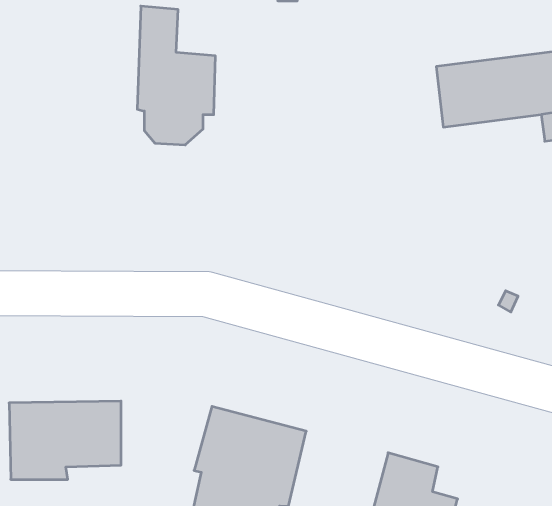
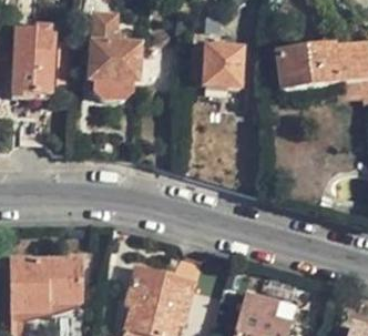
building: none -> [14,23,71,99]
building: none -> [197,45,246,86]

